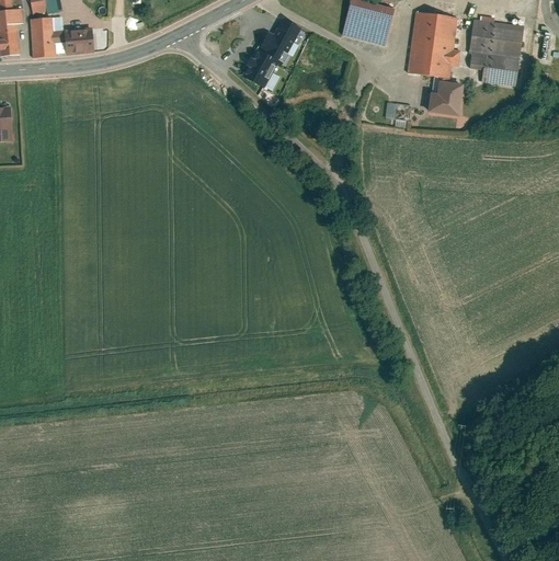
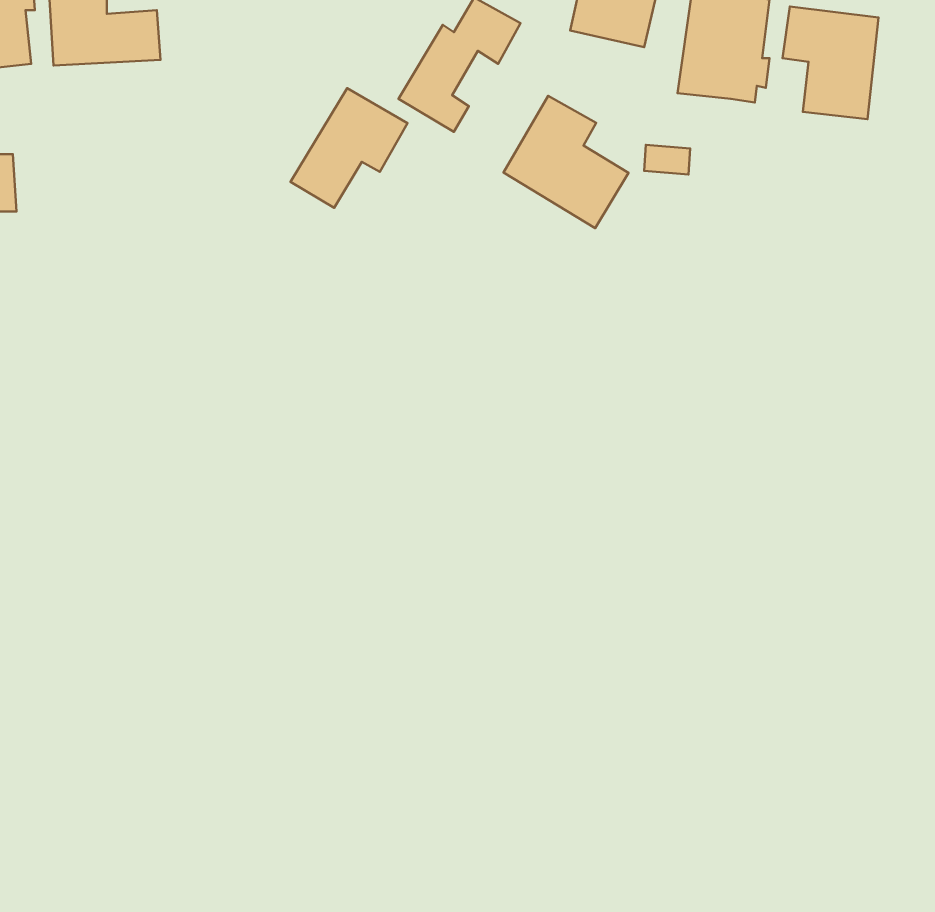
building: none -> [290,88,408,208]
building: none -> [503,96,628,228]
building: [430,76,465,114] -> none

